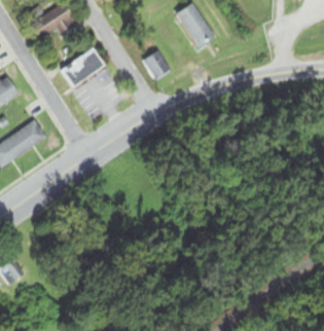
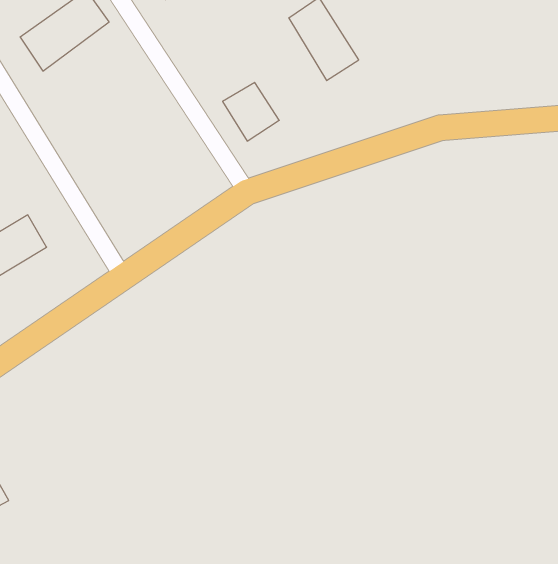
building: [62,47,106,86] -> none

